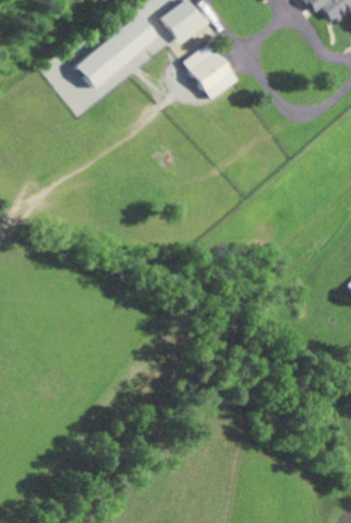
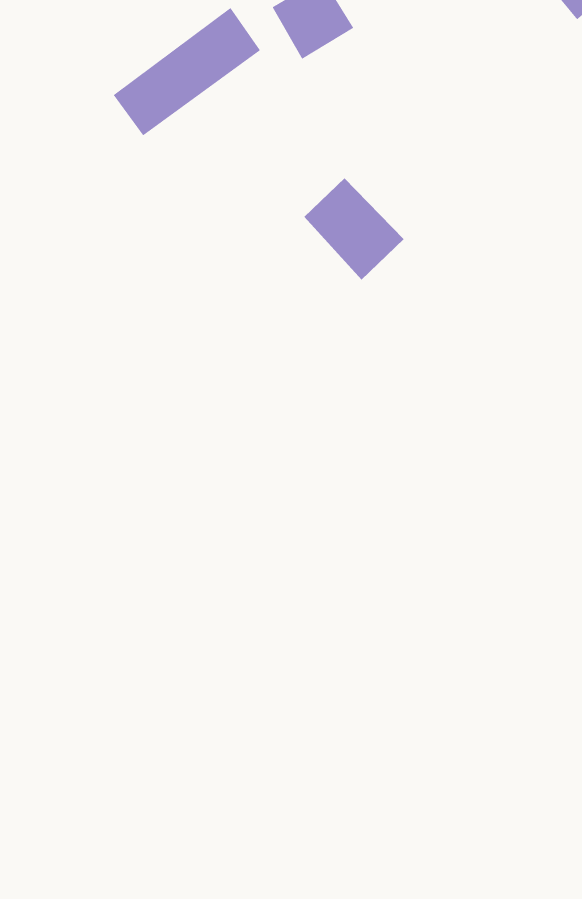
building: [181,43,237,100] -> [303,178,404,280]

